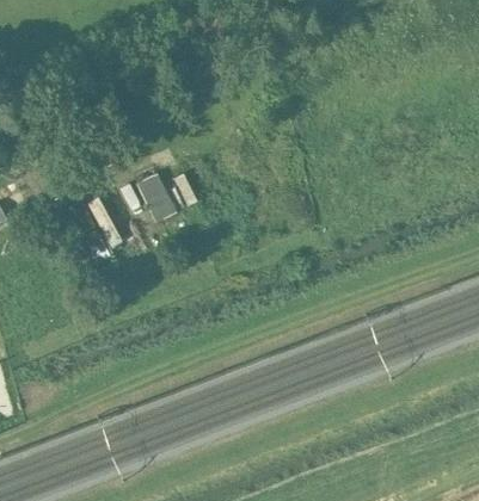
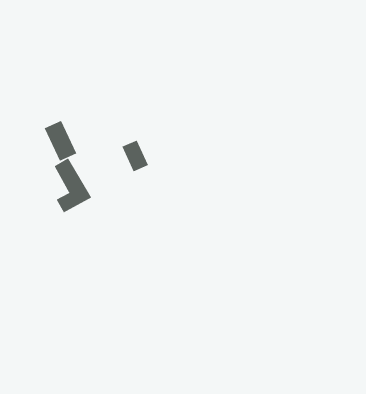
building: [134,173,174,223] -> [44,120,77,161]

